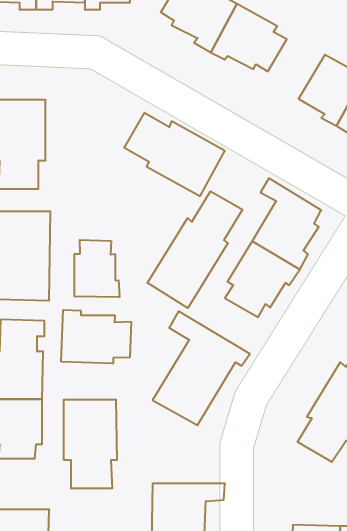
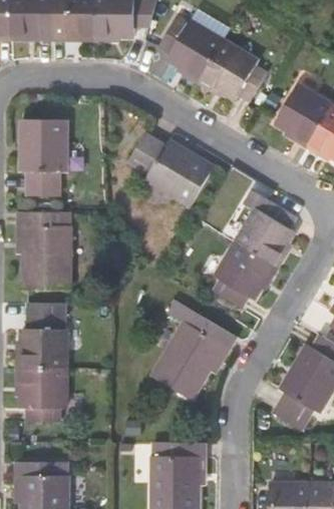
building: [147,191,242,308] -> none
building: [75,240,119,297] -> none
building: [61,310,131,364] -> none
building: [64,399,117,489] -> none

